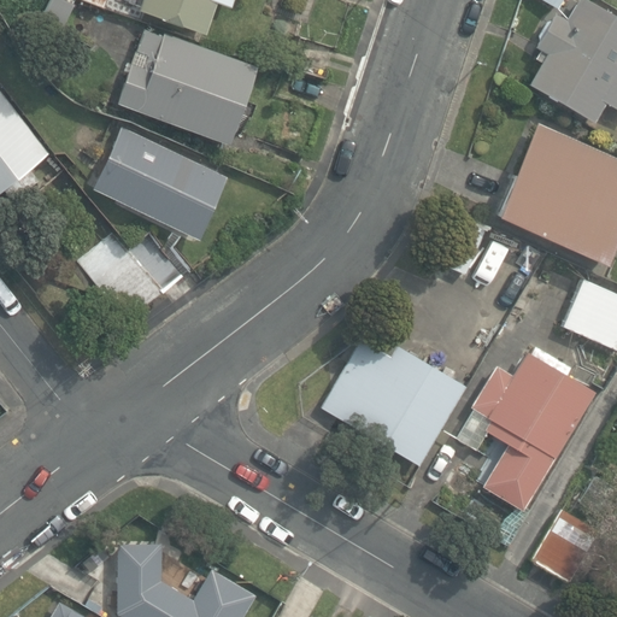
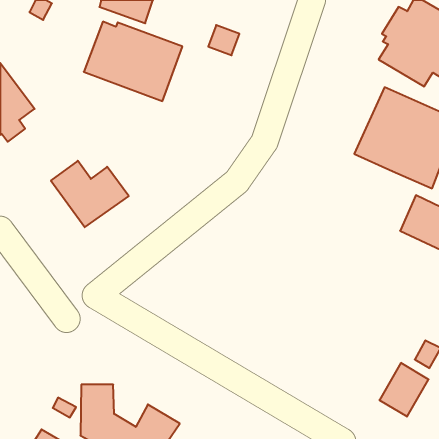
building: [94,129,229,241] -> none
building: [316,339,459,464] -> none
building: [453,351,594,510] -> none

